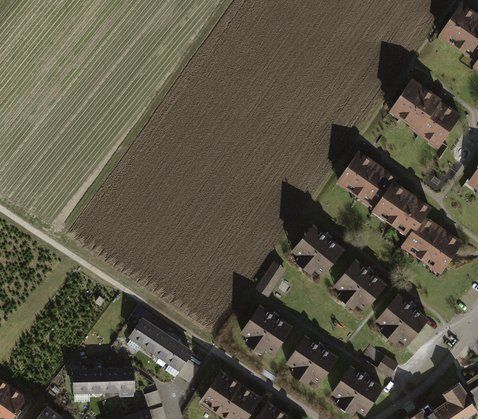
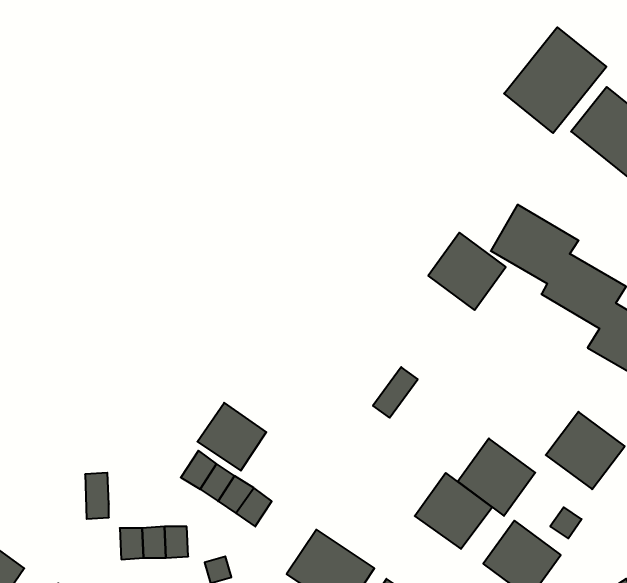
building: none -> [504,27,606,133]
building: [291,226,343,278] -> [428,233,506,310]
building: [331,262,383,314] -> [458,438,535,516]
building: none -> [197,403,266,471]
building: [236,303,288,354] -> none
building: [73,370,89,401] -> [85,473,109,519]

